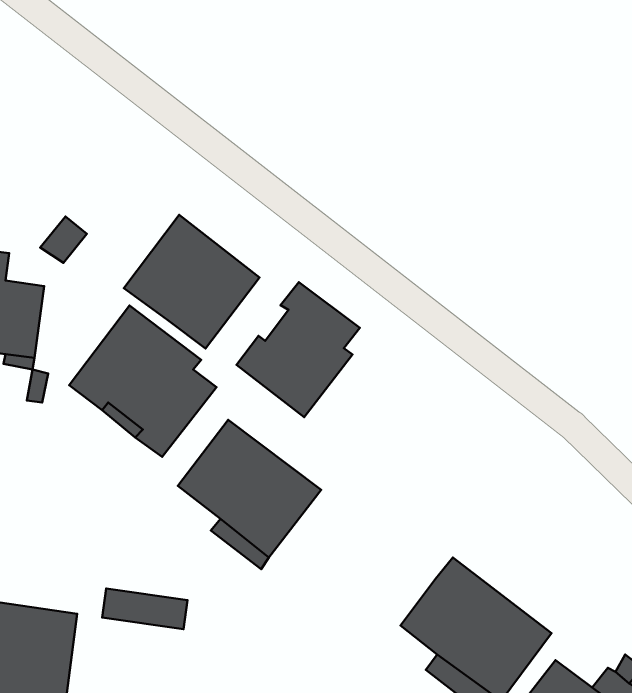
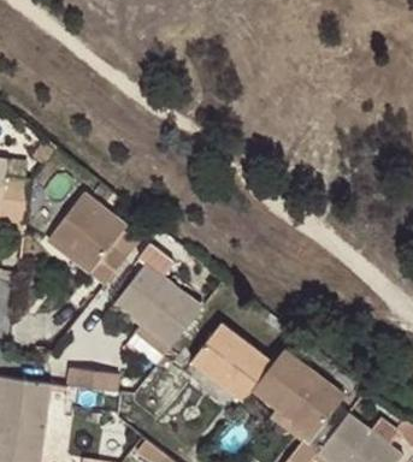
building: [124,215,259,348] -> none
building: [236,282,360,417] -> none
building: none -> [189,322,273,404]

